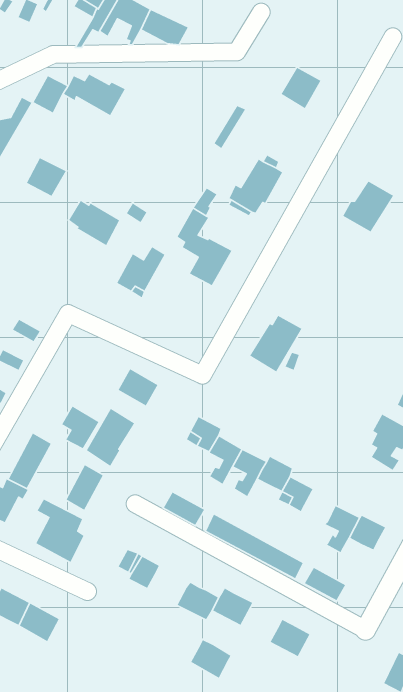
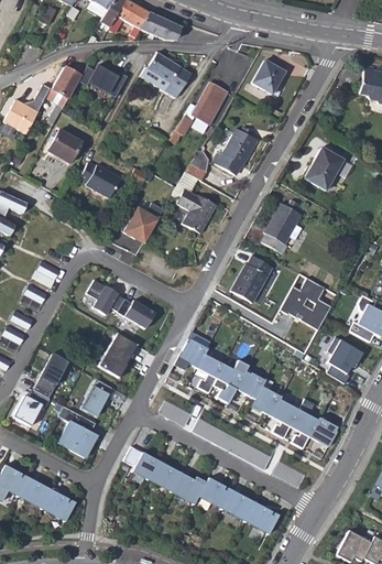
building: none -> [146,53,189,98]
building: none -> [167,83,219,142]
building: none -> [263,200,306,254]
building: none -> [283,278,335,329]
building: [61,405,99,449] -> [87,279,118,314]
building: none -> [271,400,298,438]
building: none -> [148,459,182,491]
building: [190,639,231,679] -> [222,489,255,521]

